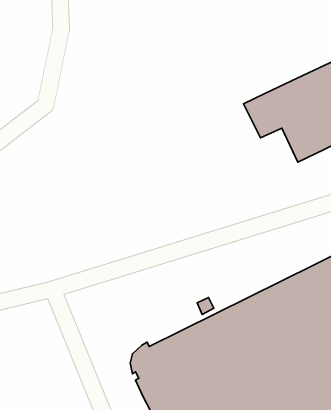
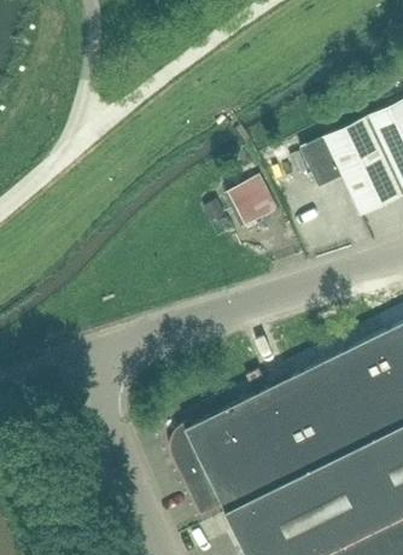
building: none -> [228,177,278,227]

